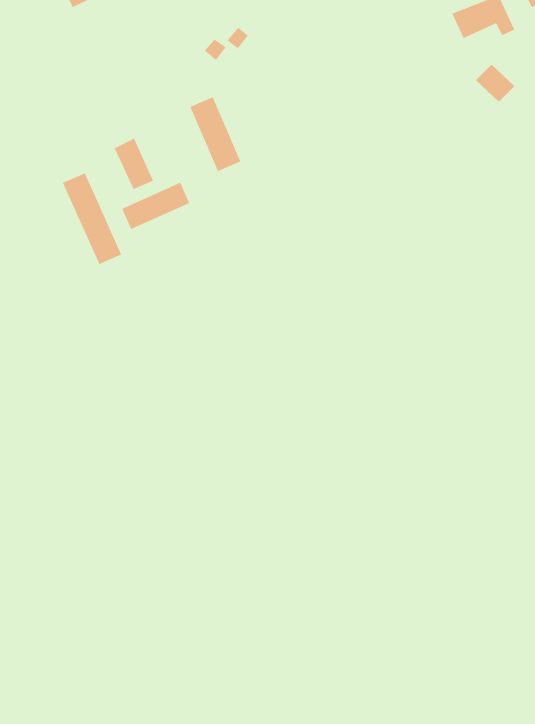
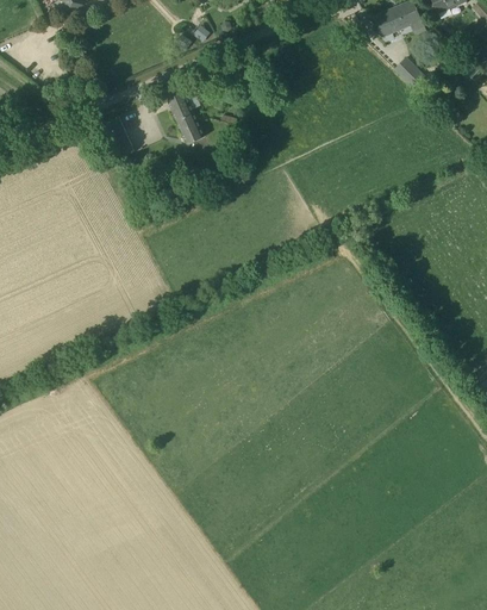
building: [62,173,122,265] -> none
building: [121,182,190,230] -> none

